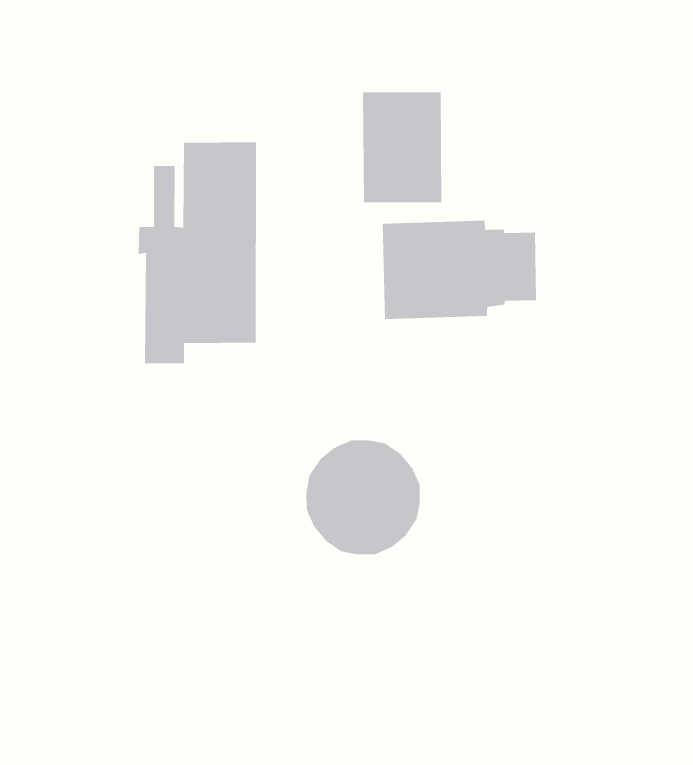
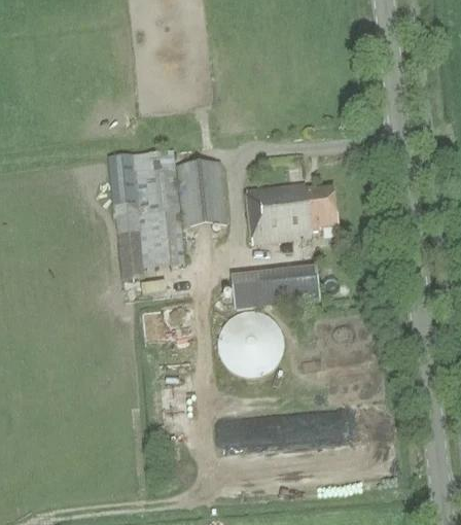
building: [362,92,442,203] -> [176,160,226,225]
building: none -> [232,265,320,309]

